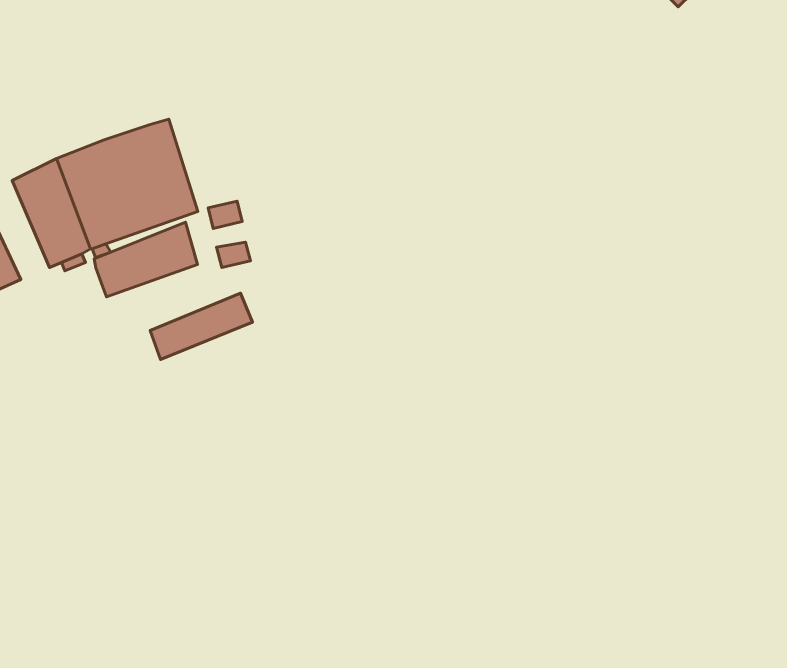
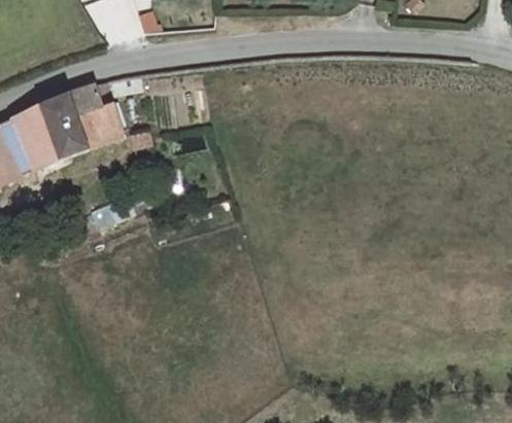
building: [94,222,198,297] -> none

